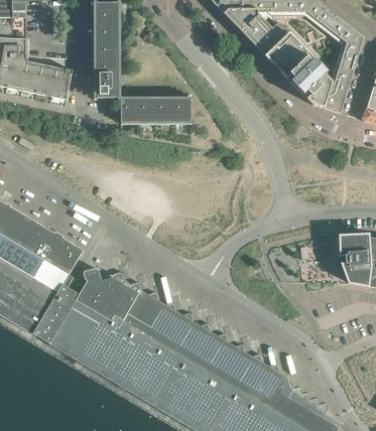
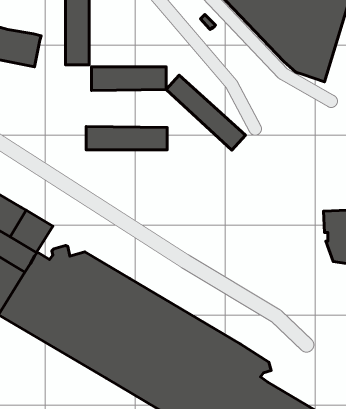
building: none -> [166,75,245,150]
building: none -> [86,127,167,150]

